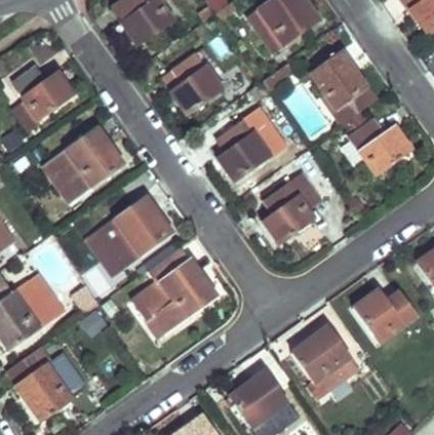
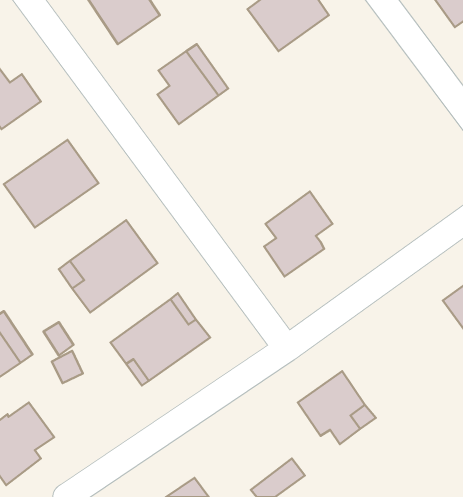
building: [311,49,376,119] -> none
building: [218,108,285,182] -> none
building: [349,122,410,175] -> none
building: [354,290,417,343] -> none
building: [229,370,286,427] -> none

